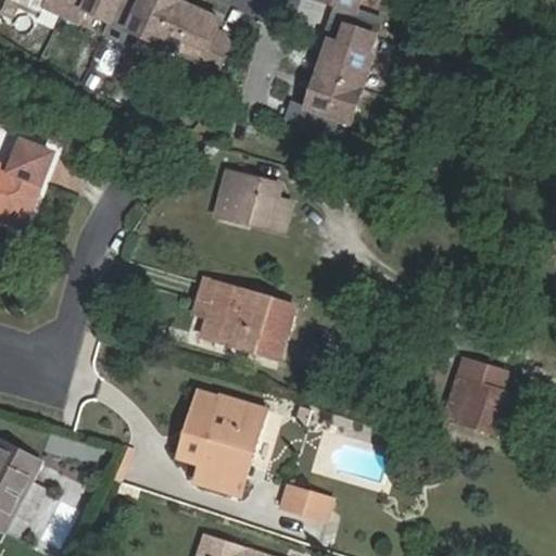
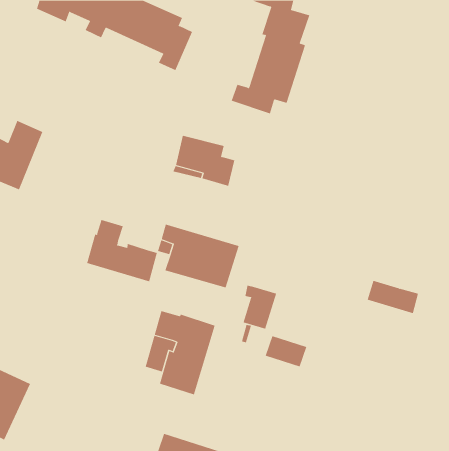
building: none -> [87,219,158,282]
building: none -> [243,285,277,329]
building: [439,369,508,428] -> none
building: [279,482,331,521] -> [265,335,307,367]

